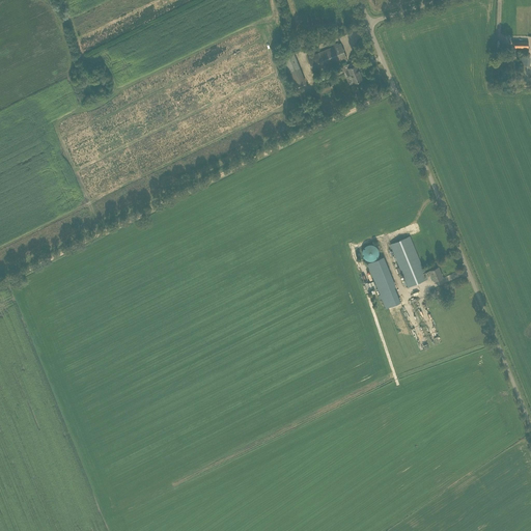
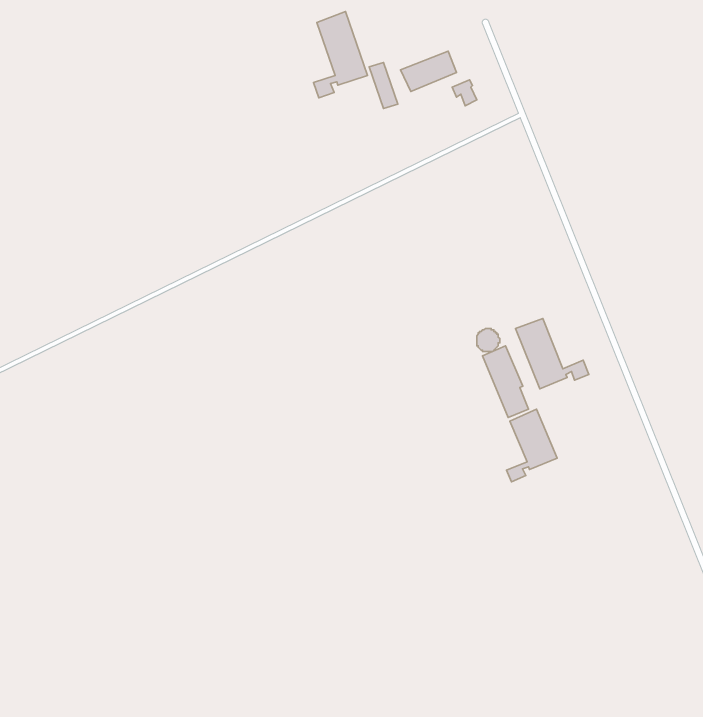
building: none -> [313,11,367,98]
building: none -> [506,409,557,482]

